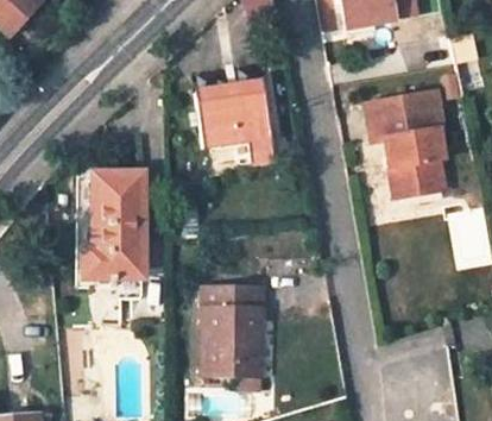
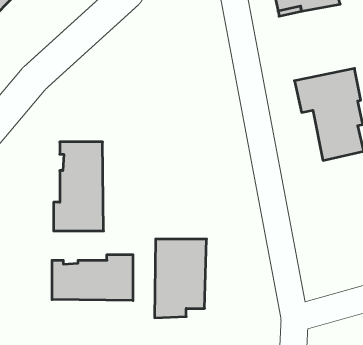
building: [197,89,271,146] -> none
building: none -> [52,255,133,301]

